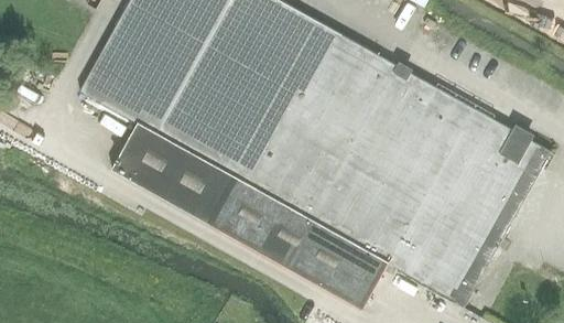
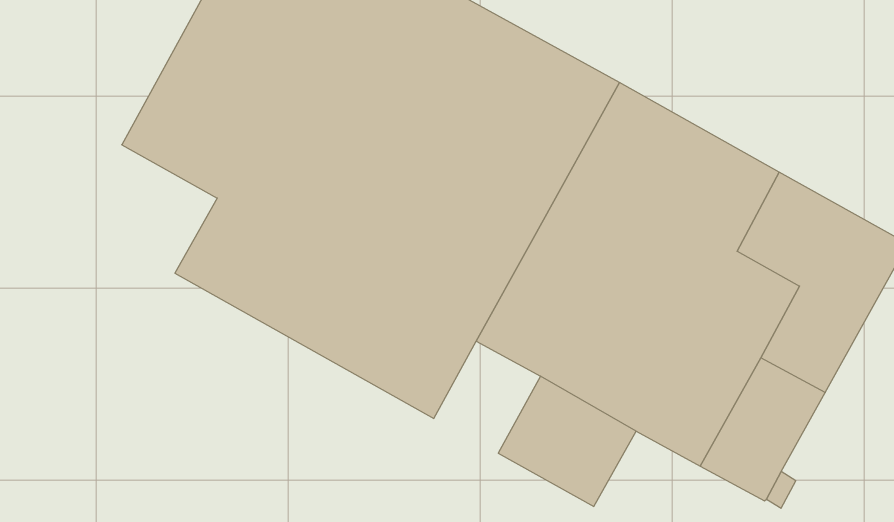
building: [265,208,329,276] -> none

